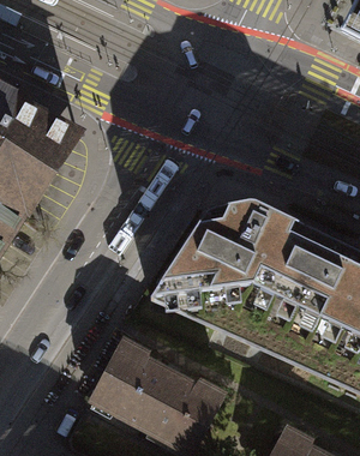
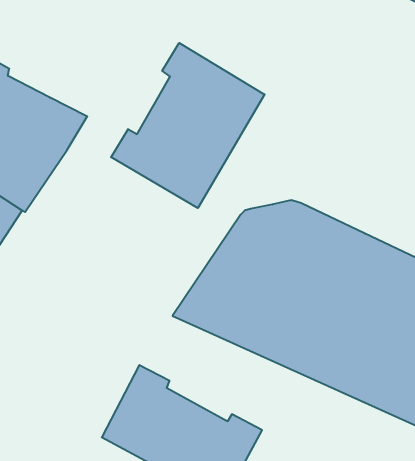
building: none -> [111,43,265,208]

